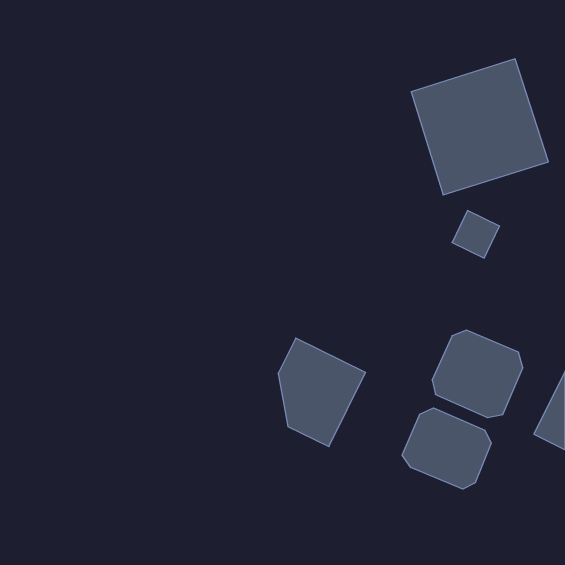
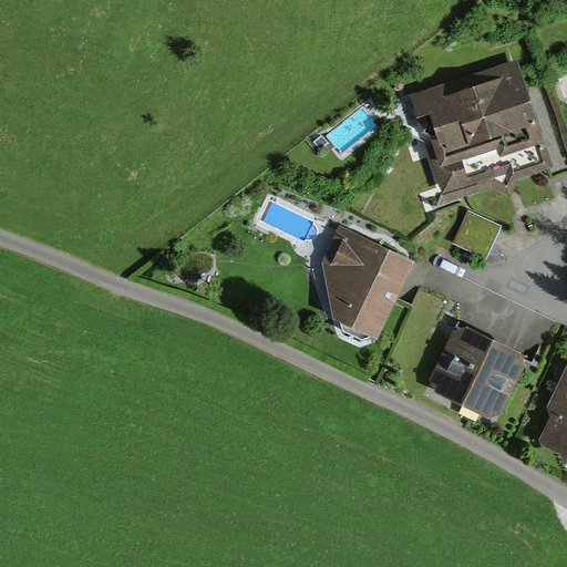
building: [278,338,366,447] -> [323,230,411,339]
building: [402,408,491,489] -> none

